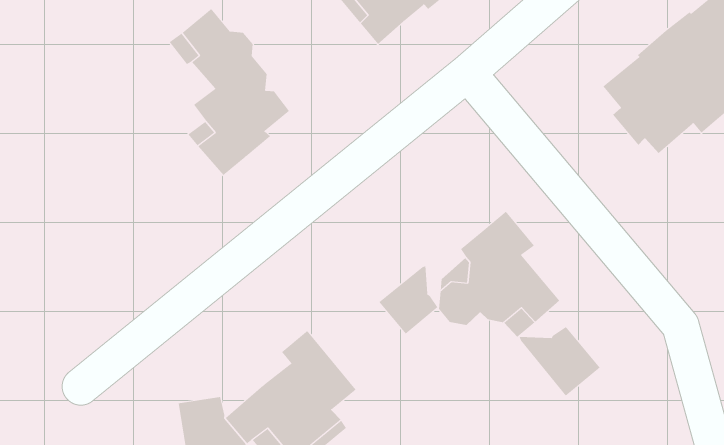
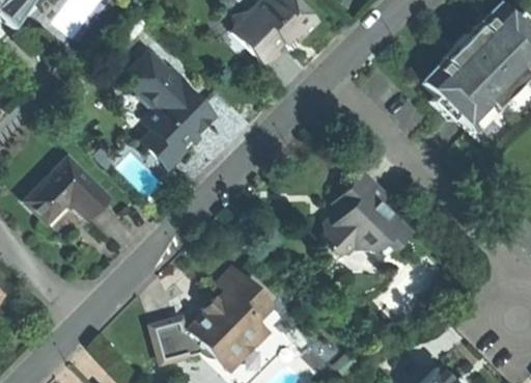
building: none -> [27,159,109,221]
building: [379,265,438,335] -> none
building: [519,326,601,397] -> none

